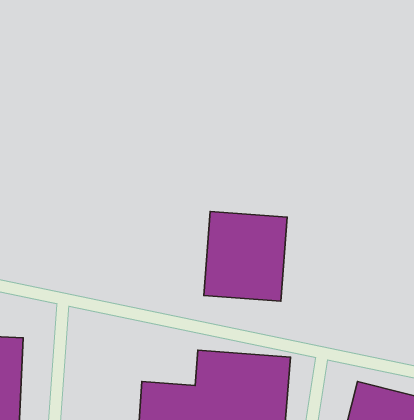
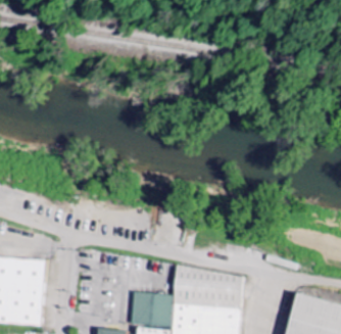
building: [204,211,287,301] -> none

